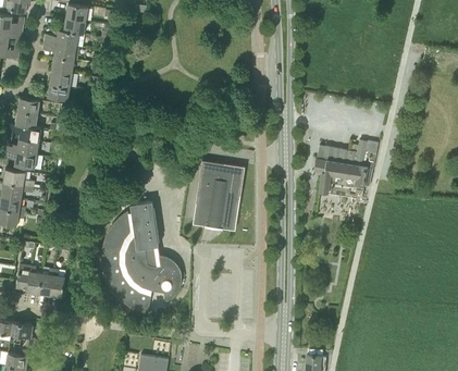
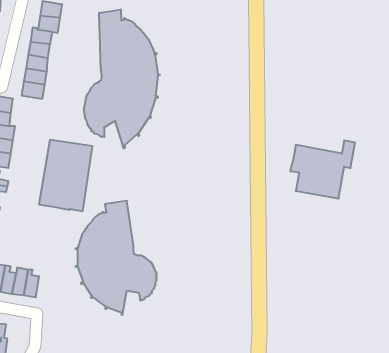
building: none -> [84,9,160,148]
building: [191,160,245,231] -> [39,140,93,211]

